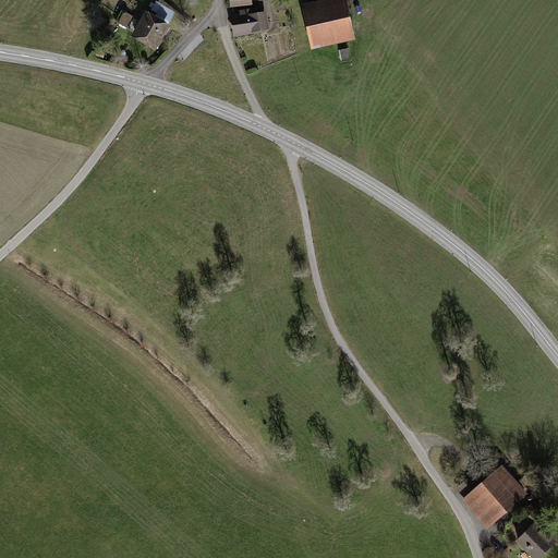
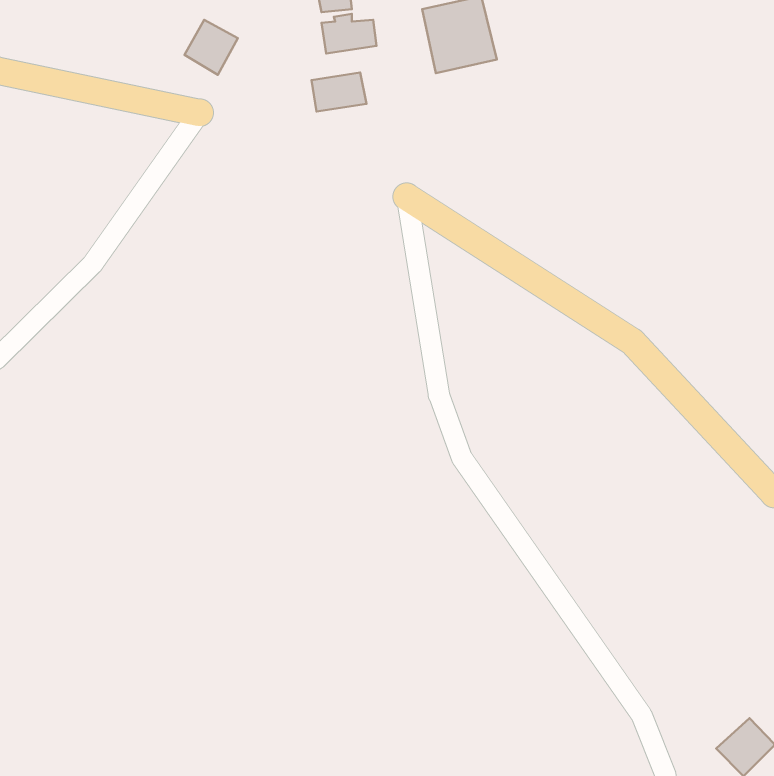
building: none -> [312,72,366,111]
building: [462,462,523,522] -> none

